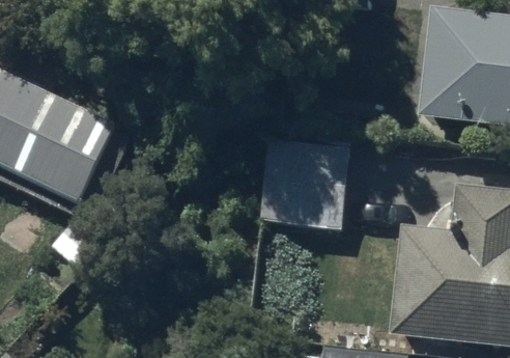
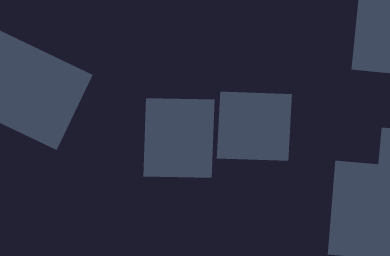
building: none -> [142,97,215,179]

